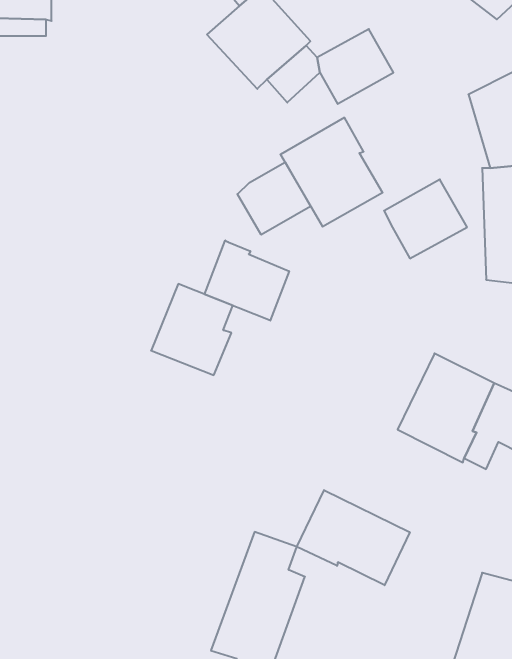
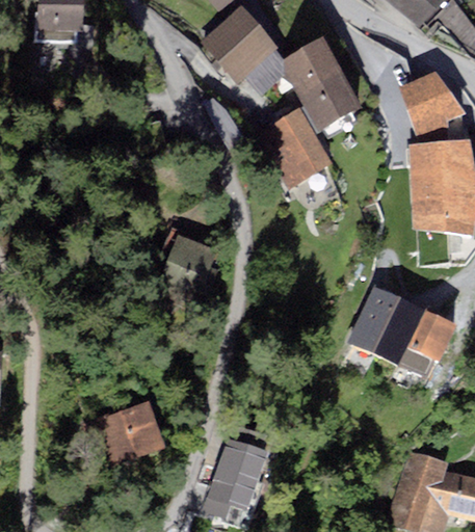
building: [237,162,310,235] -> none
building: [384,179,467,258] -> [299,71,363,131]
building: [205,240,289,321] -> none
building: [297,490,410,585] -> none
building: none -> [93,400,167,470]

